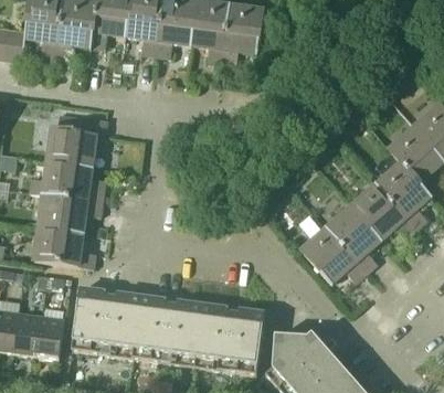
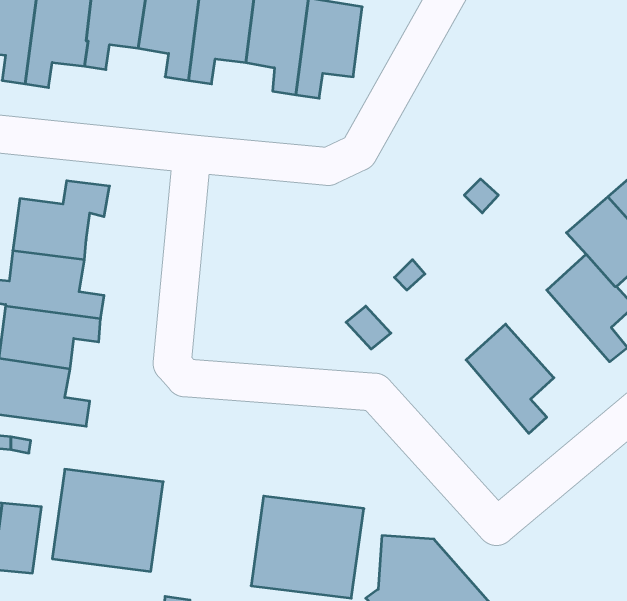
building: [350,183,414,237] -> none
building: [300,226,364,282] -> none
building: [131,301,201,365] -> none

